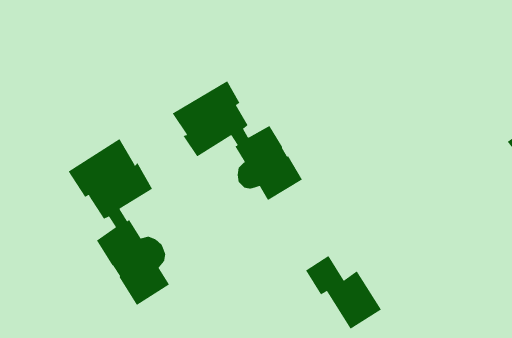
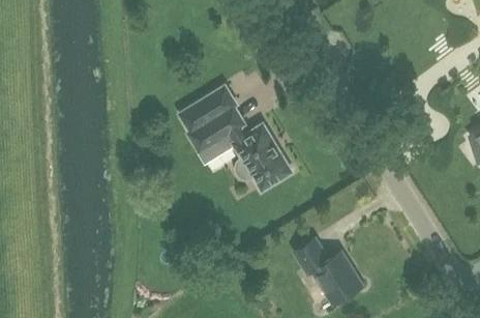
building: [68,138,170,306] -> none

